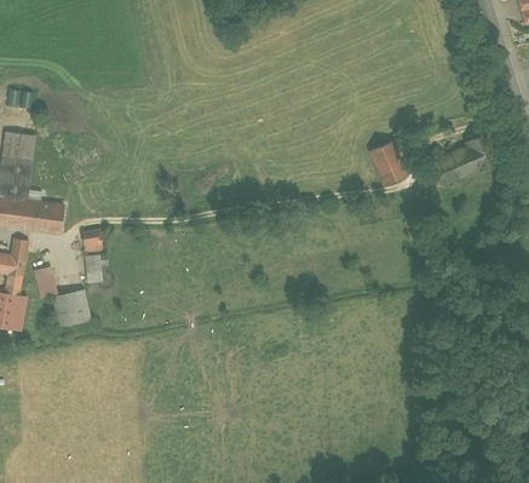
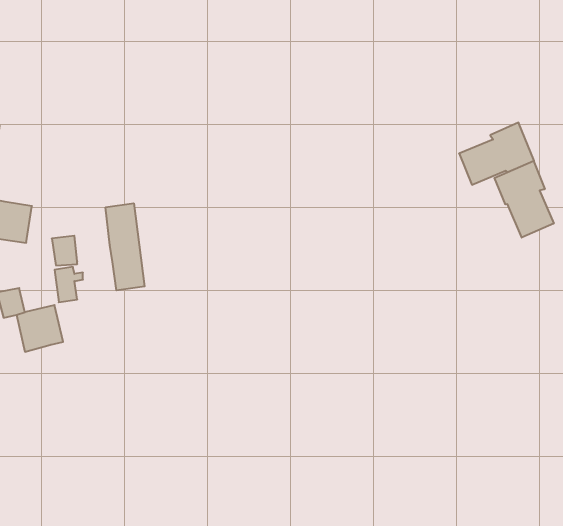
building: [362,139,403,184] -> none
building: none -> [494,161,554,238]
building: none -> [106,203,145,290]

